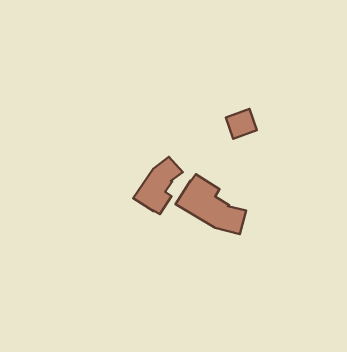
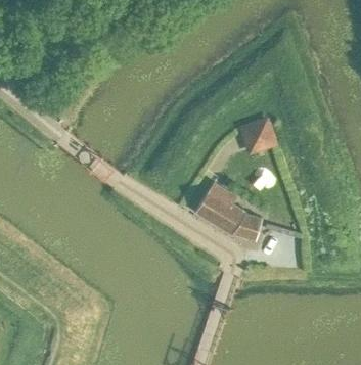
building: [133,157,183,214] -> none

